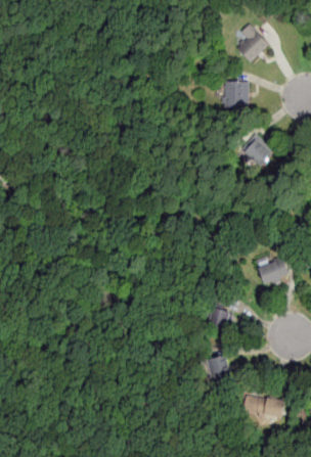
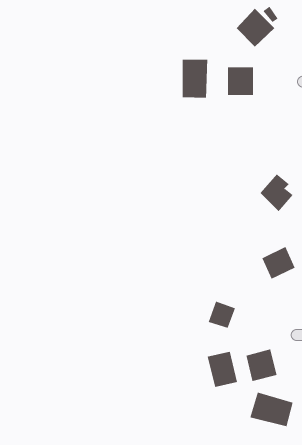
building: none -> [182,59,208,99]
building: [242,129,275,166] -> [259,174,294,212]
building: none -> [246,349,277,382]

